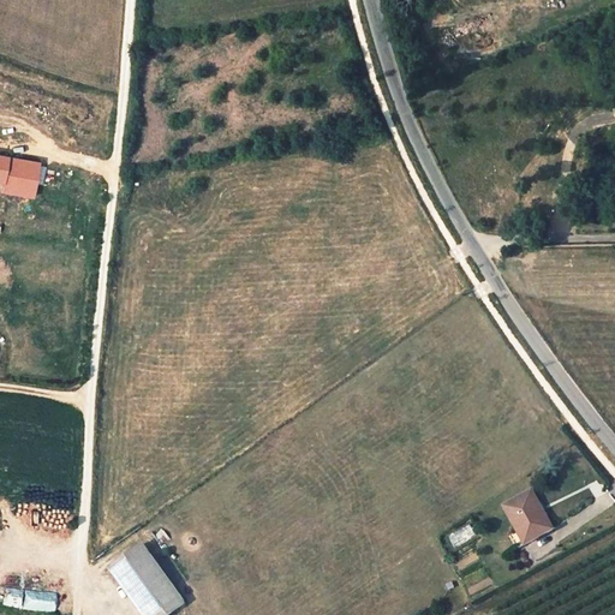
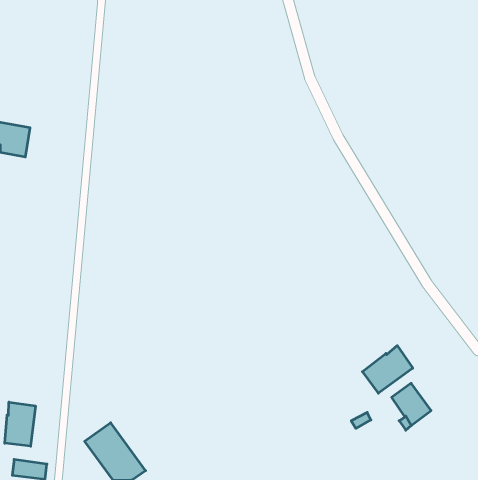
building: none -> [362,346,413,393]
building: none -> [5,402,35,446]

